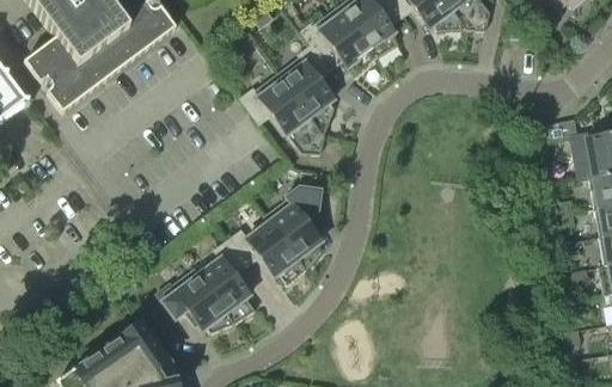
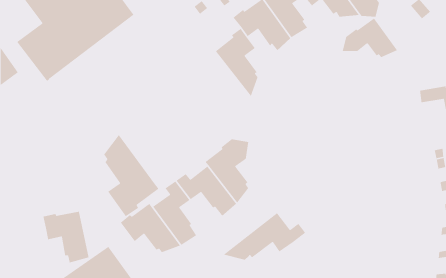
building: none -> [342,17,398,58]
building: [240,72,325,152] -> none
building: none -> [103,134,159,217]
building: none -> [43,211,90,264]
building: none -> [222,212,306,260]

